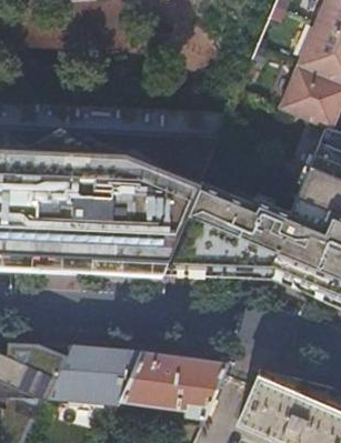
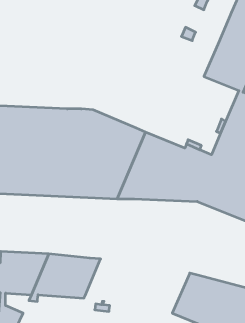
building: [122,352,230,420] -> none

